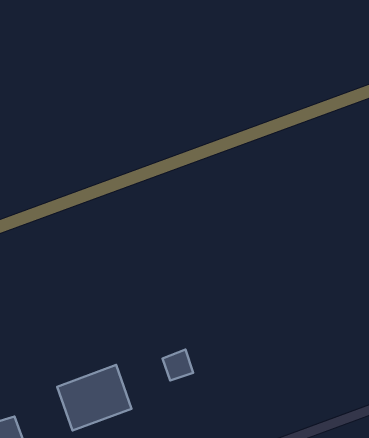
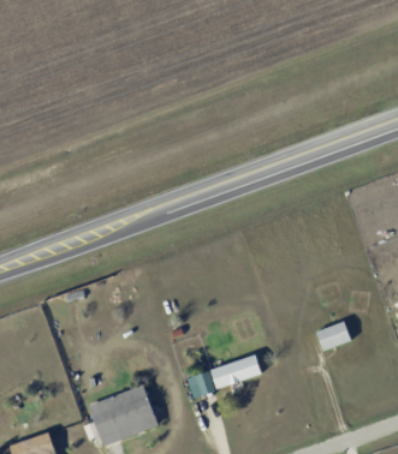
building: none -> [315,321,351,351]
building: none -> [209,354,261,388]

